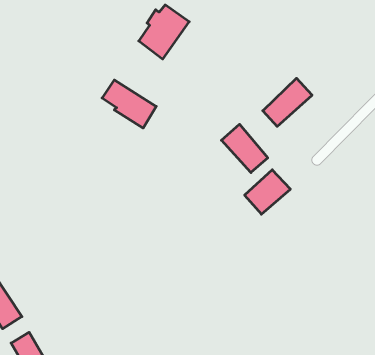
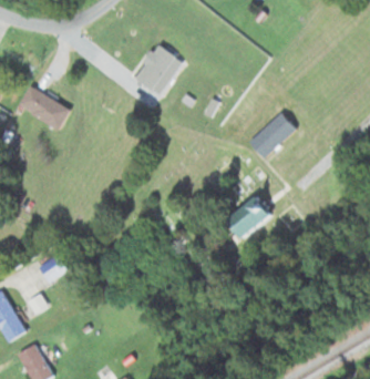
building: [102,80,156,128] -> [20,85,70,130]
building: [221,124,268,173] -> none

